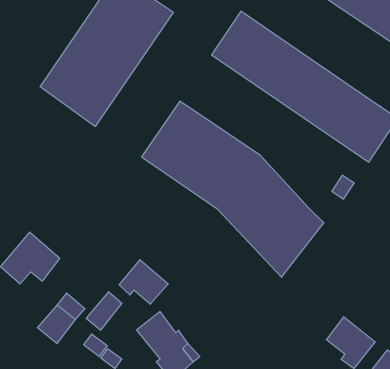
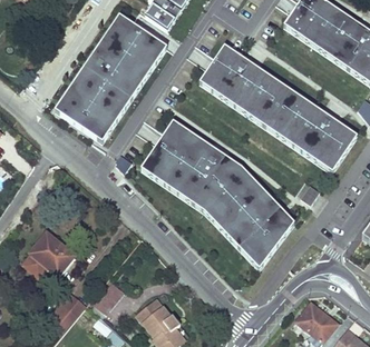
building: [119,260,168,304] -> none

